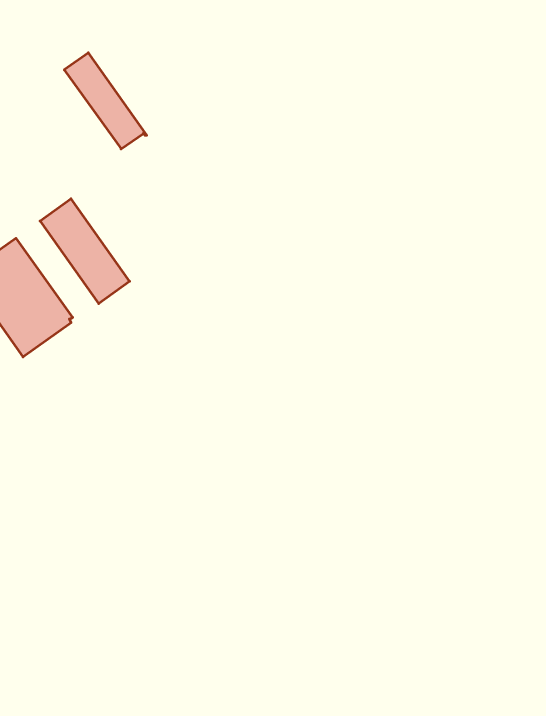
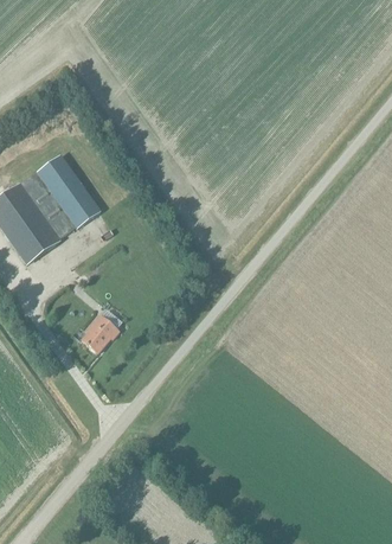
building: [64,53,147,149] -> [23,171,79,237]
building: none -> [83,314,121,353]

